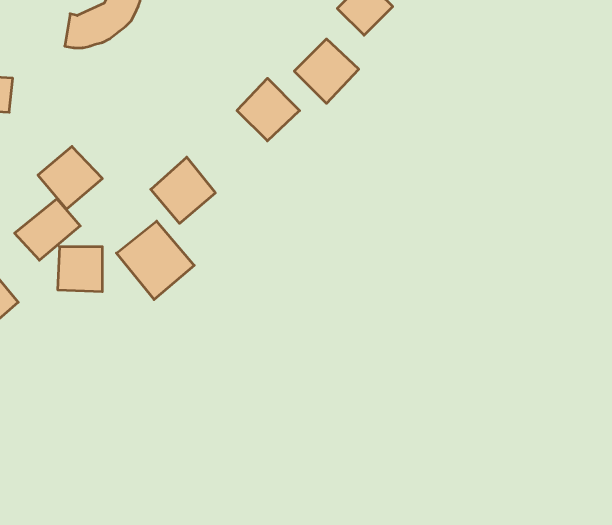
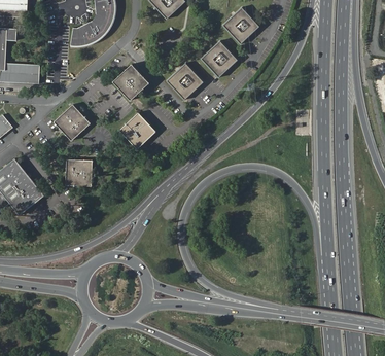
building: none -> [112,65,149,102]
building: [15,199,80,260] -> none
building: [116,221,194,300] -> none

